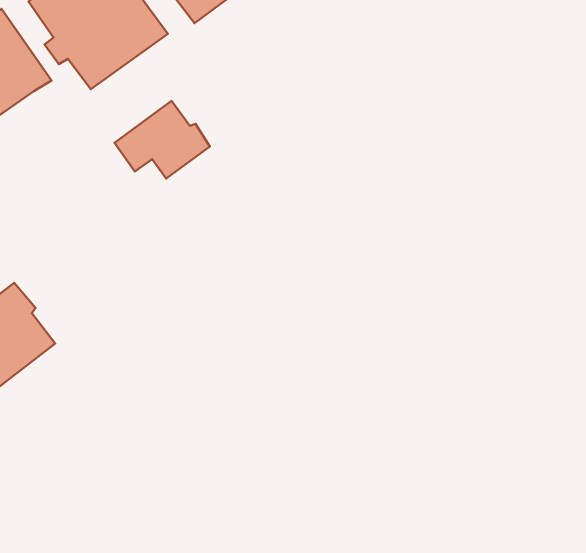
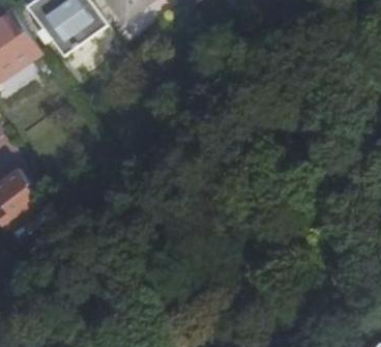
building: [115,101,210,179] -> none

